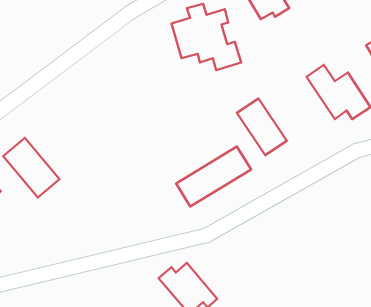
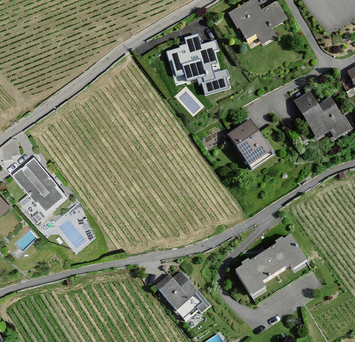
building: [176,146,251,206] -> [236,236,305,291]

